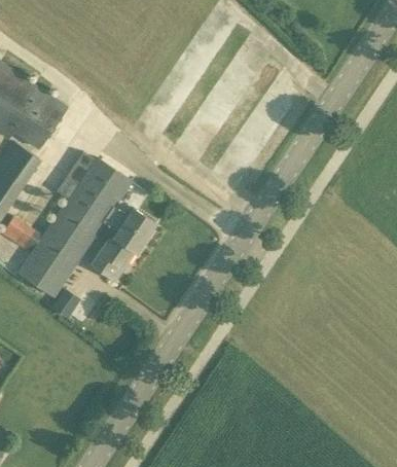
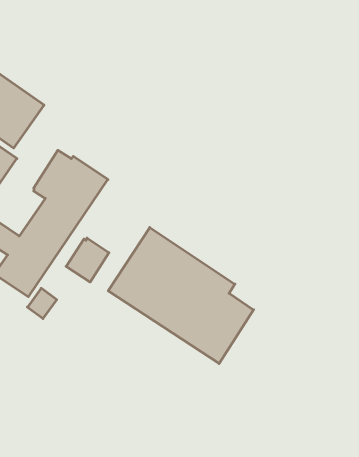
building: [102,208,153,253] -> none
building: none -> [108,227,254,364]

